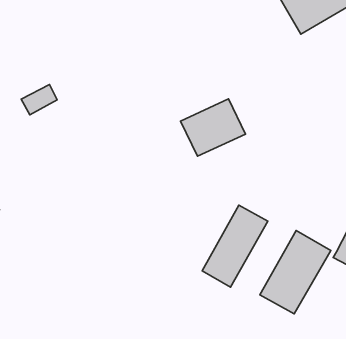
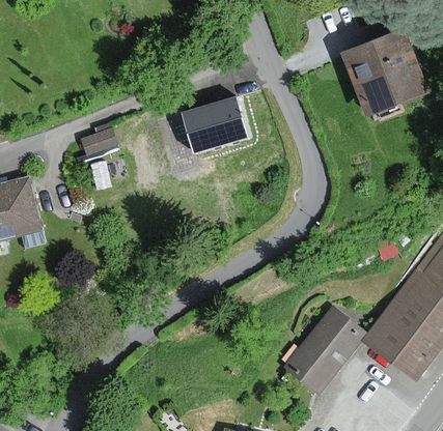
building: [180,99,246,156] -> [183,97,245,149]
building: [202,205,268,287] -> none

